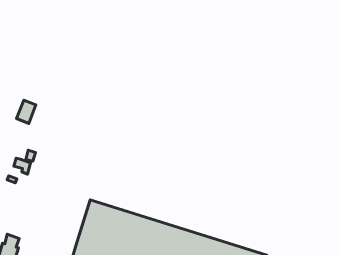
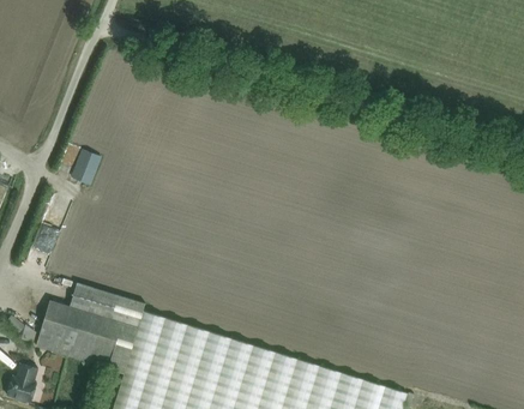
building: [17,100,36,123] -> [71,149,100,184]
building: none -> [35,283,145,373]

